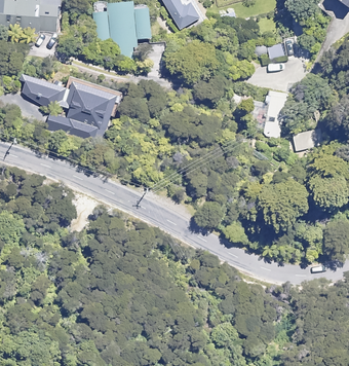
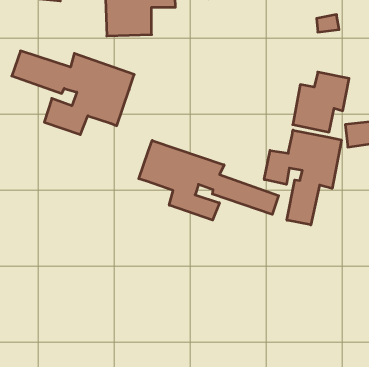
building: none -> [264,130,341,225]
building: none -> [139,140,279,220]

